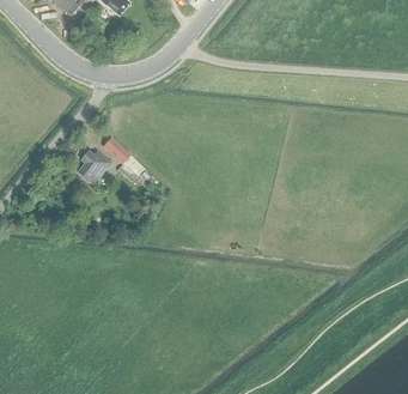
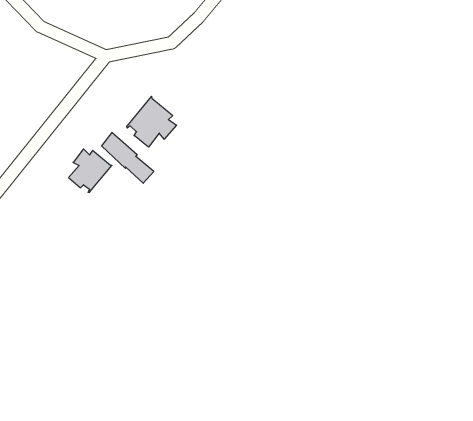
building: none -> [127,96,177,147]

